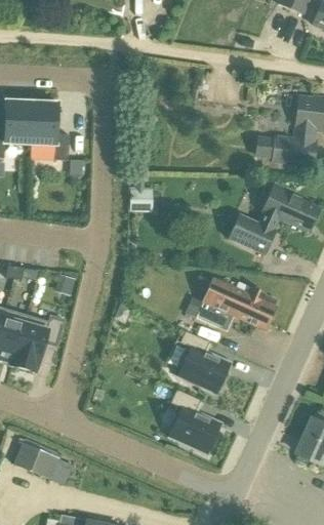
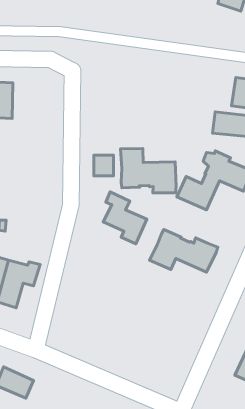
building: [30,100,69,159] -> none
building: none -> [121,149,176,193]
building: [176,329,229,392] -> [103,192,147,244]
building: [170,388,219,452] -> none

